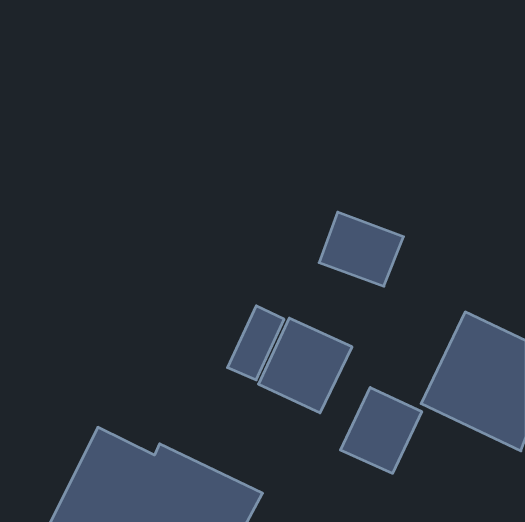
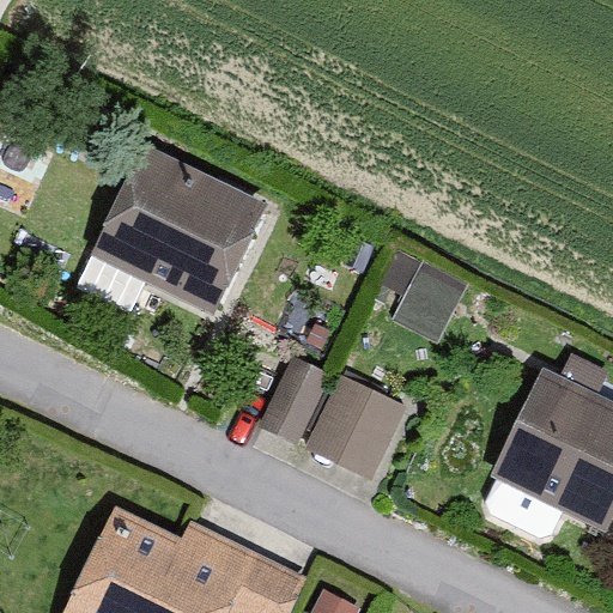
building: none -> [92,146,263,310]
building: [340,387,422,473] -> none

